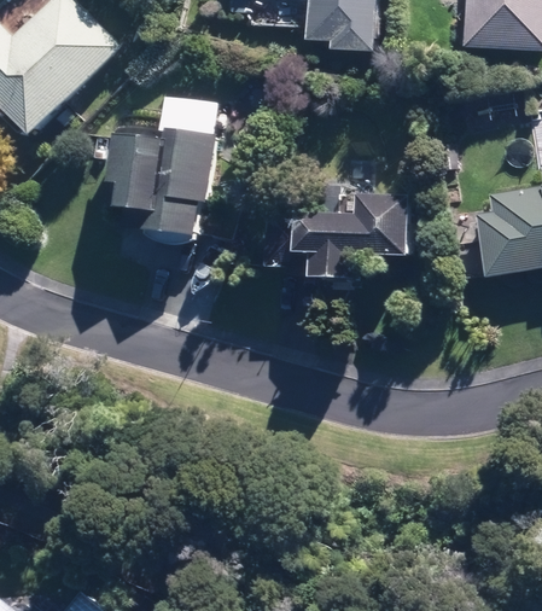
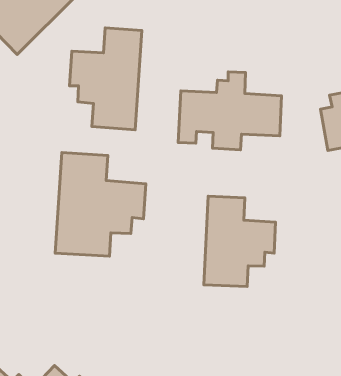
building: none -> [55,152,146,256]
building: none -> [204,196,275,287]

